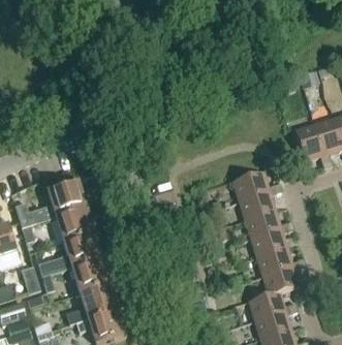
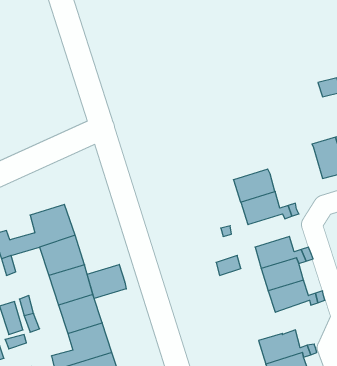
building: [238,189,274,218] -> [233,169,275,202]
building: none -> [87,264,126,298]
building: [261,264,298,294] -> none

